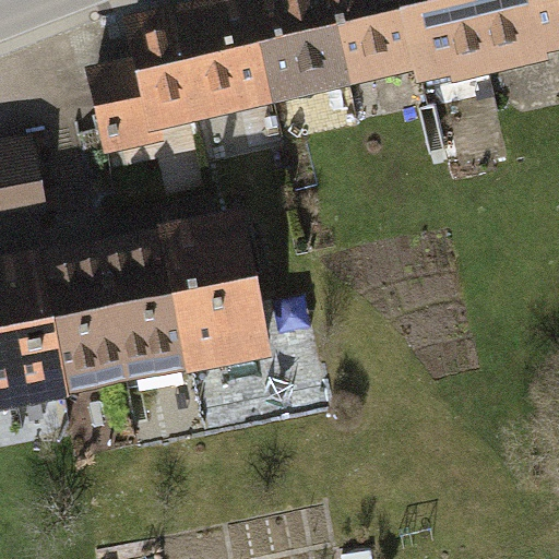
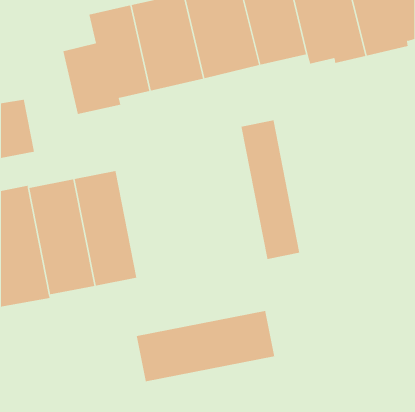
building: none -> [241,120,300,260]
building: [155,210,271,377] -> none
building: none -> [136,310,275,382]

